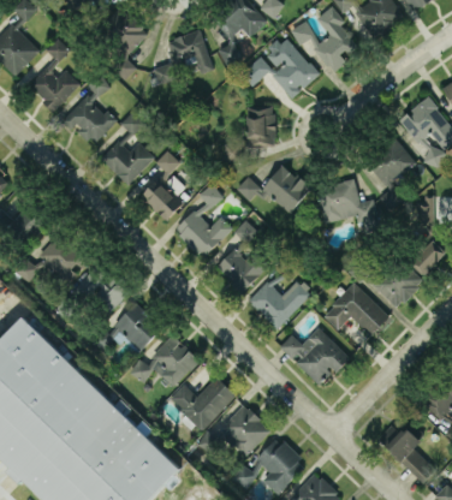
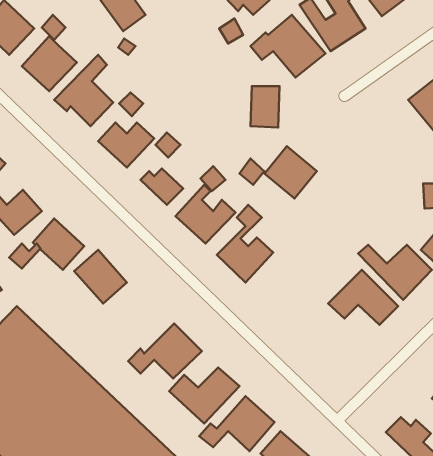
building: [154,30,213,83] -> none
building: [367,138,416,209] -> none
building: [317,179,379,224] -> none
building: [249,279,311,328] -> none
building: [97,304,161,353] -> none
building: [280,327,349,386] -> none

